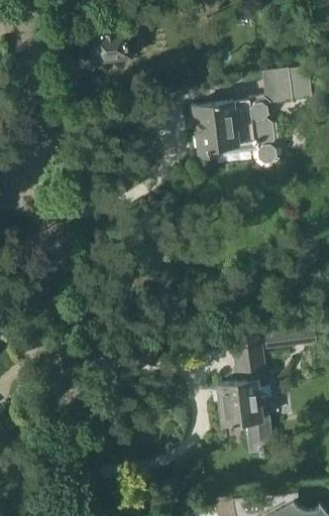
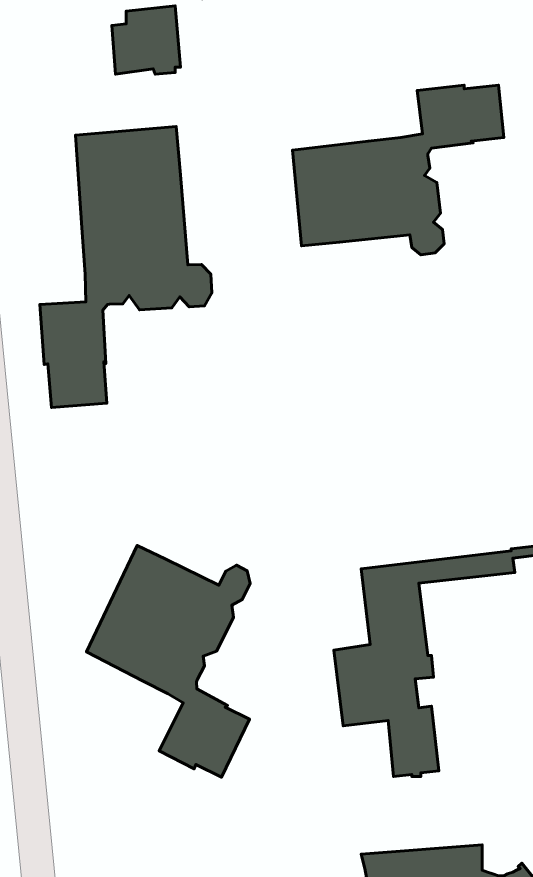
building: none -> [40,126,212,408]
building: none -> [87,546,250,777]

